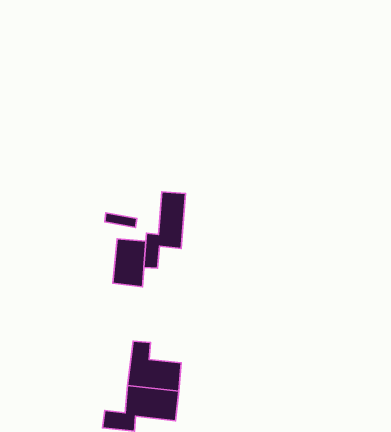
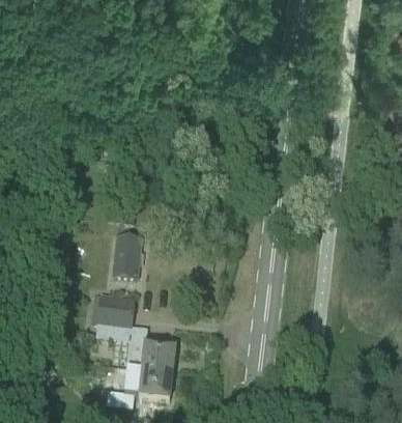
building: [144,192,186,268] -> none
building: none -> [95,294,134,328]

